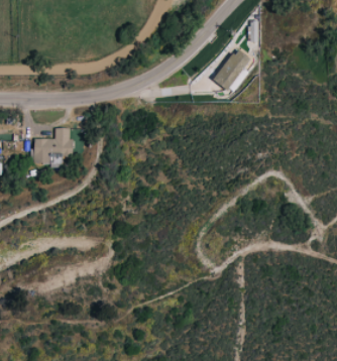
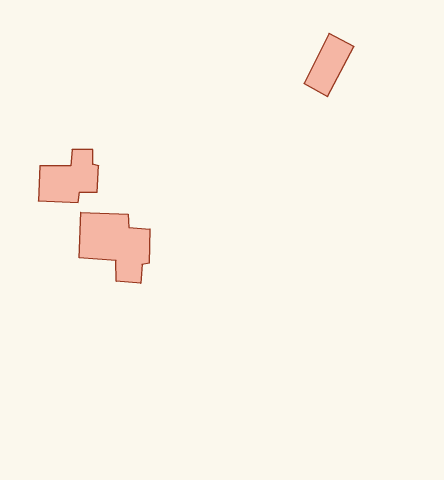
building: none -> [79,212,150,283]

